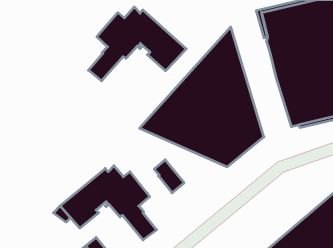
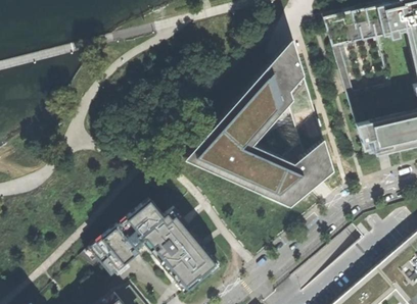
building: [88,7,186,81] -> none
building: [154,160,184,193] -> [183,237,219,276]

